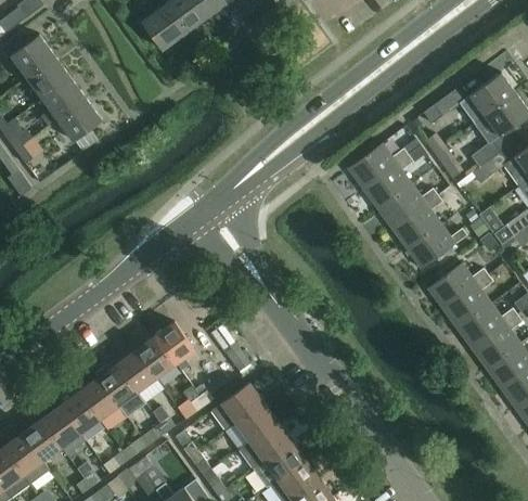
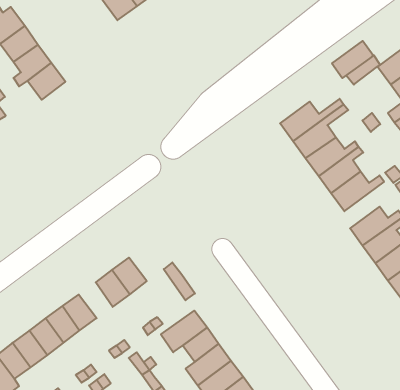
building: none -> [332,41,373,78]
building: [117,350,156,391] -> none

